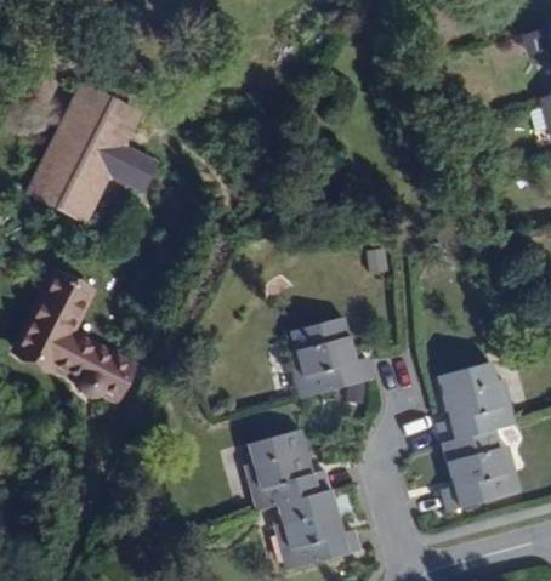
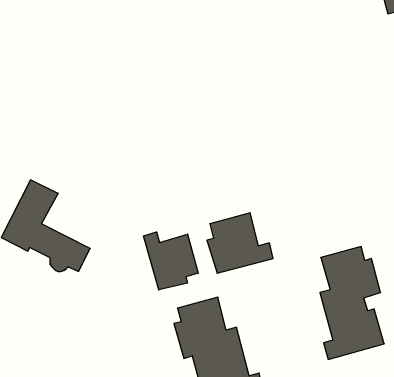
building: [29,86,155,220] -> none
building: none -> [143,232,198,290]

